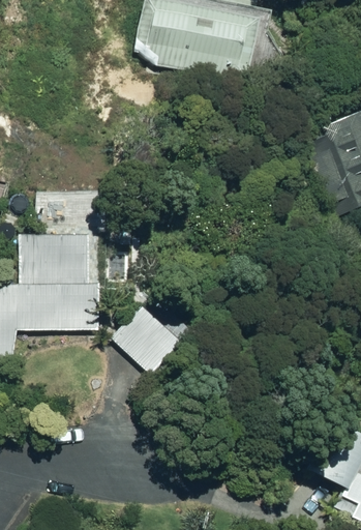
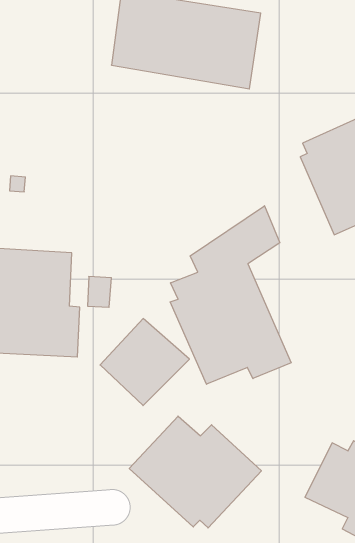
building: none -> [170,206,291,384]
building: none -> [129,416,261,528]

